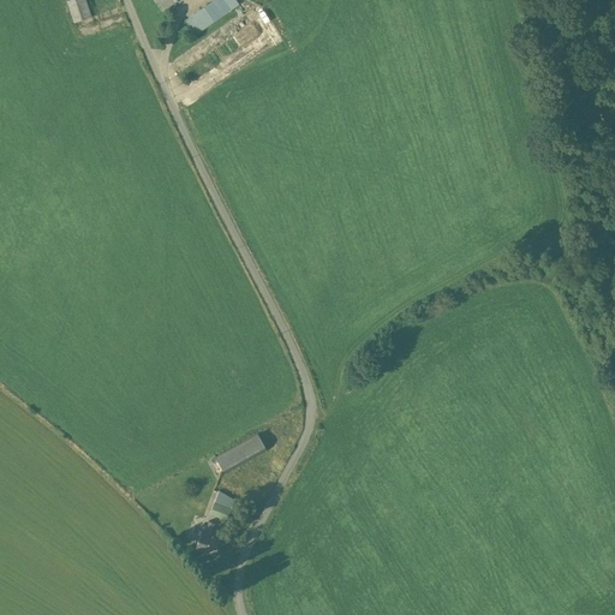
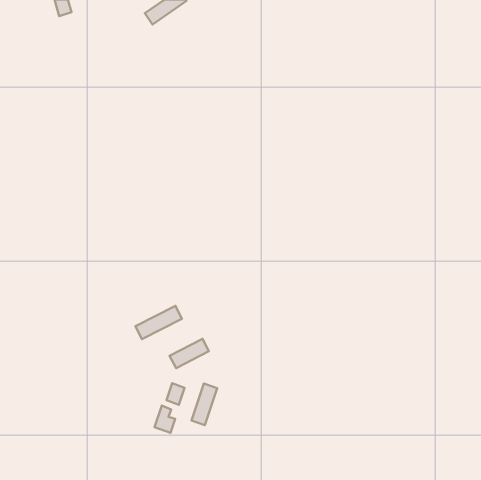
building: none -> [135,306,182,339]
building: none -> [192,383,217,425]

